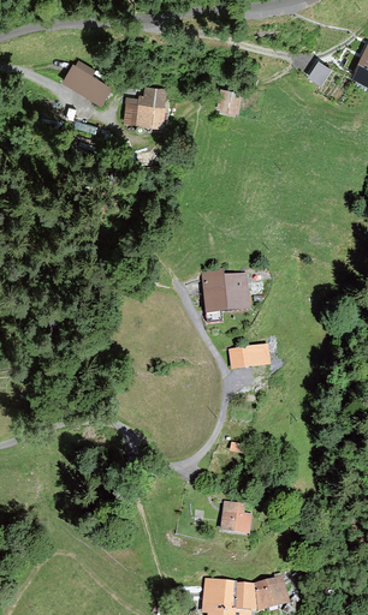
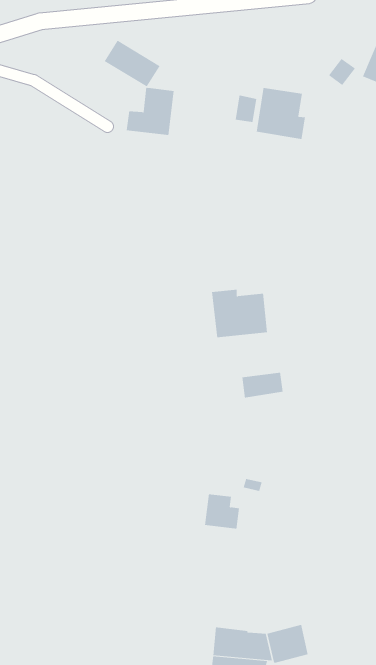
building: [61,62,113,106] -> [104,40,160,87]
building: none -> [256,87,305,140]
building: [220,501,253,533] -> [204,494,240,529]

